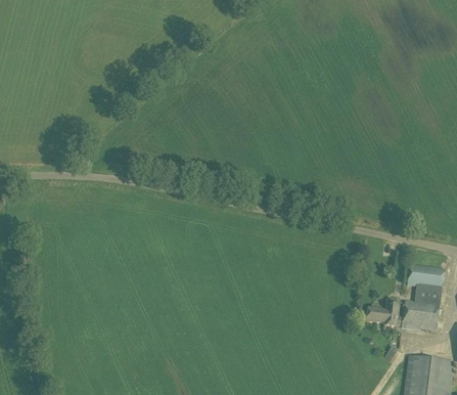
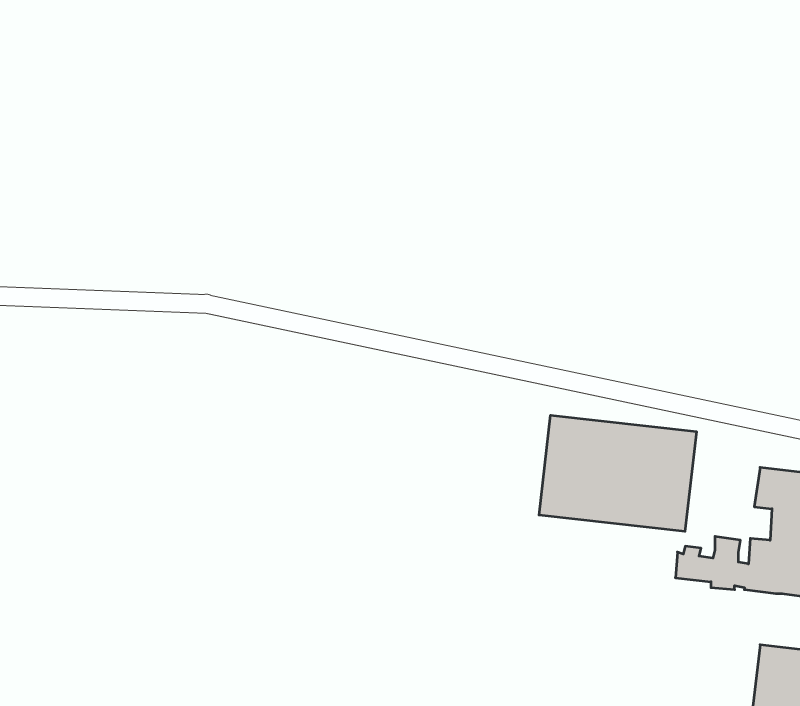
building: none -> [539,415,696,531]

